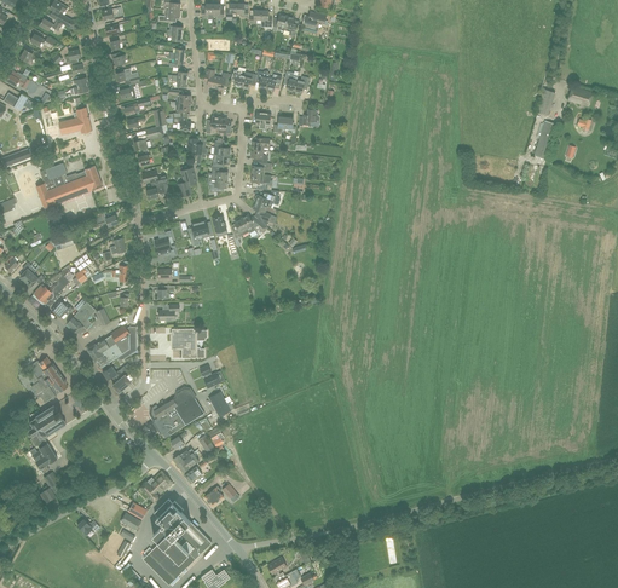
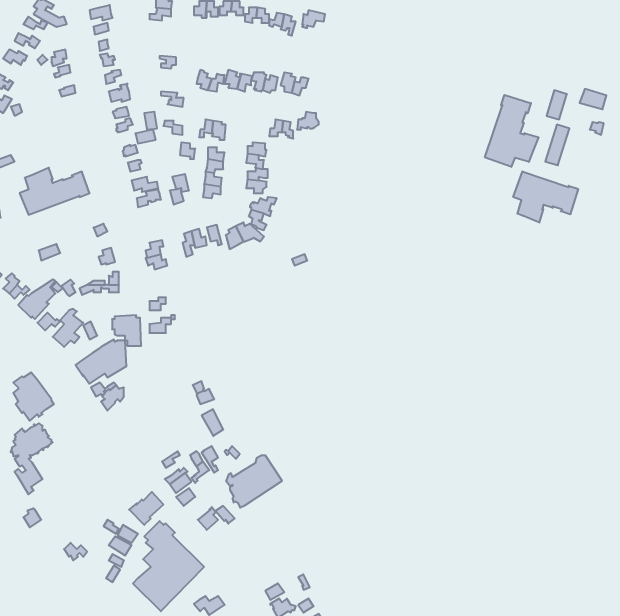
building: none -> [485,95,539,167]
building: [59,106,92,133] -> none
building: none -> [513,171,578,223]
building: [169,327,197,356] -> [112,315,141,346]
building: [151,387,204,437] -> [226,455,282,508]

